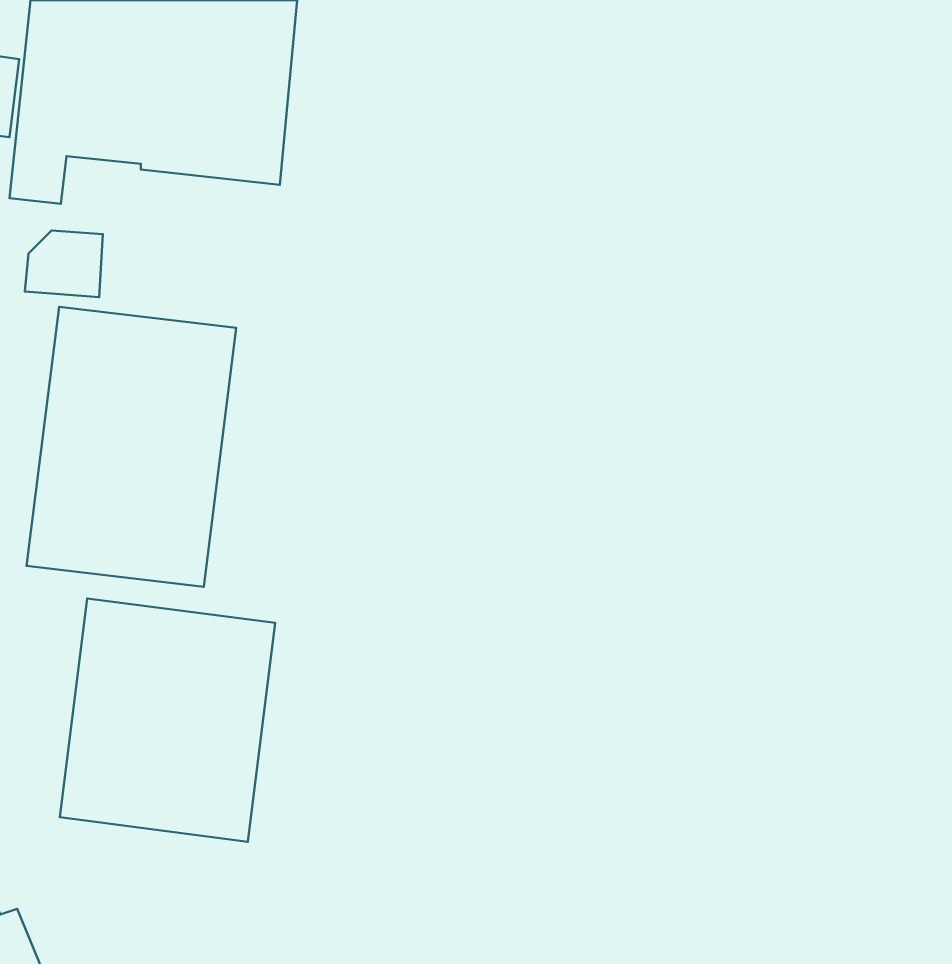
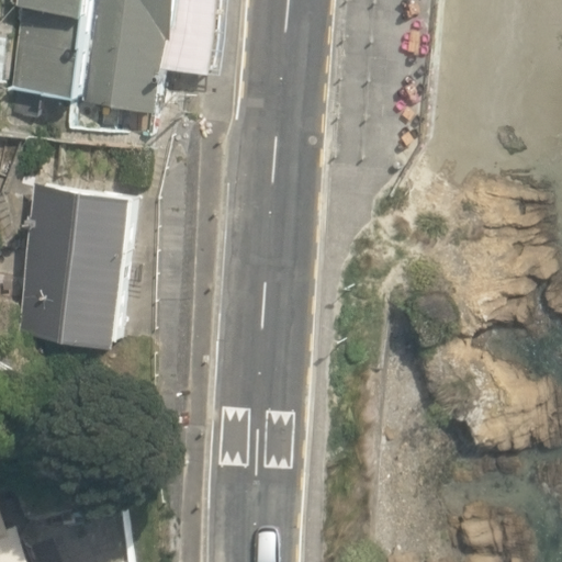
building: [60,598,275,842] -> none

